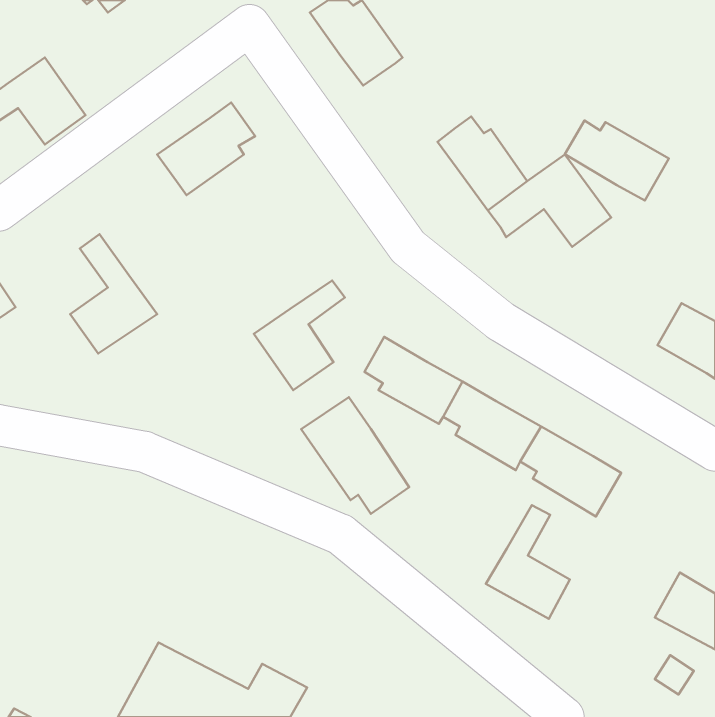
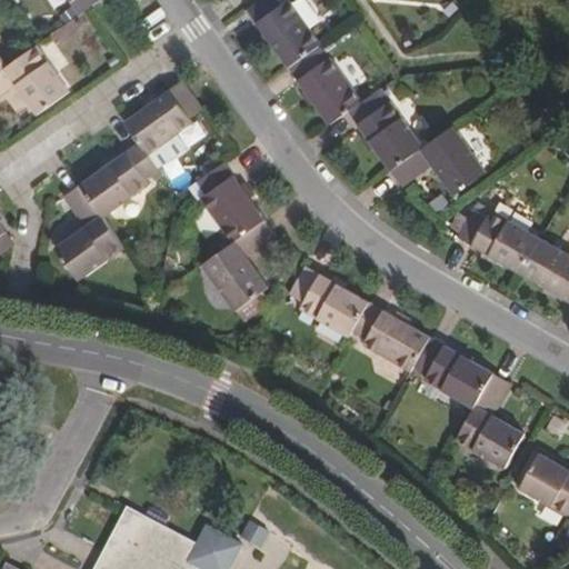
building: none -> [288,50,361,126]
building: [565,121,669,201] -> [458,210,540,273]
building: none -> [79,143,159,218]
building: none -> [196,163,263,244]
building: [301,397,409,514] -> none
building: [486,505,570,619] -> [456,375,522,465]

